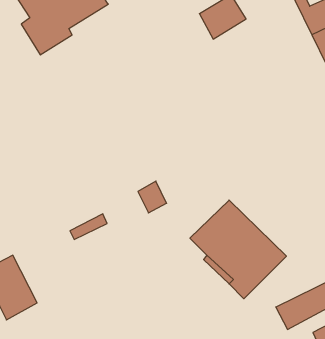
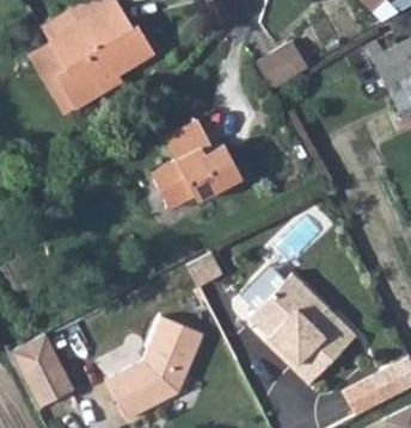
building: none -> [158,126,245,216]
building: none -> [103,317,210,416]

